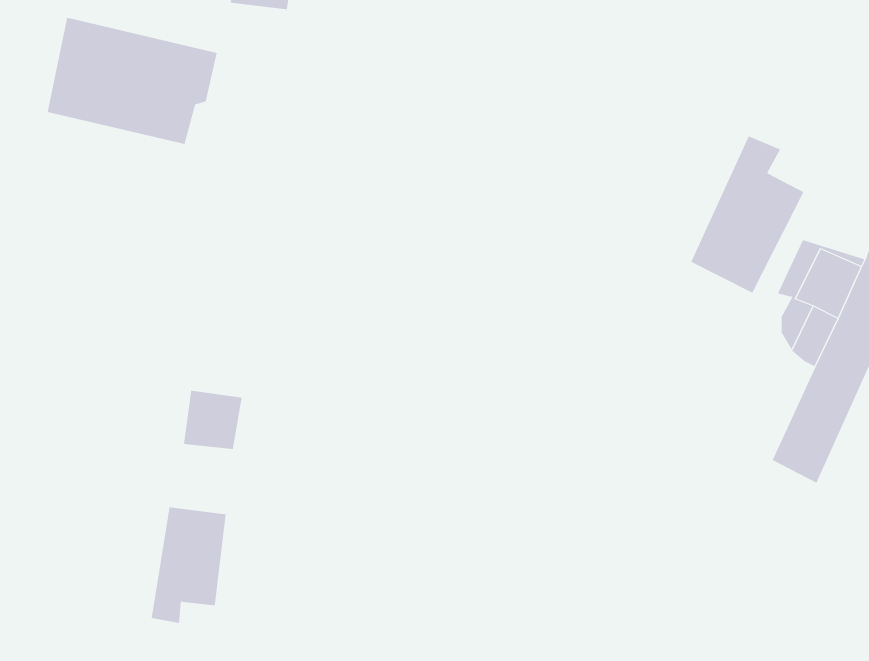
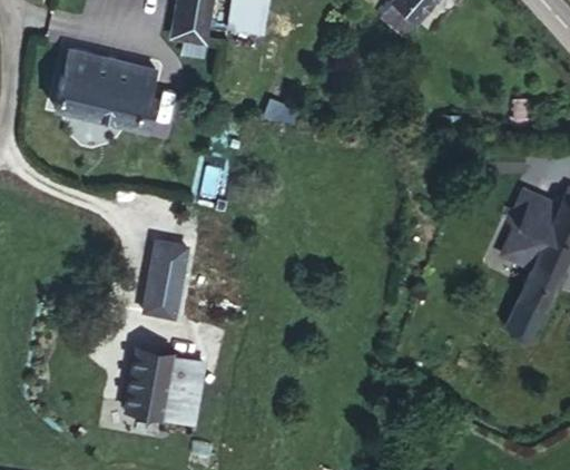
building: [690,136,804,294] -> none
building: none -> [146,237,189,286]
building: none -> [161,359,197,419]

